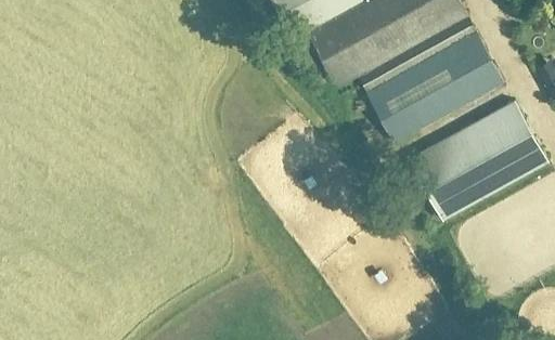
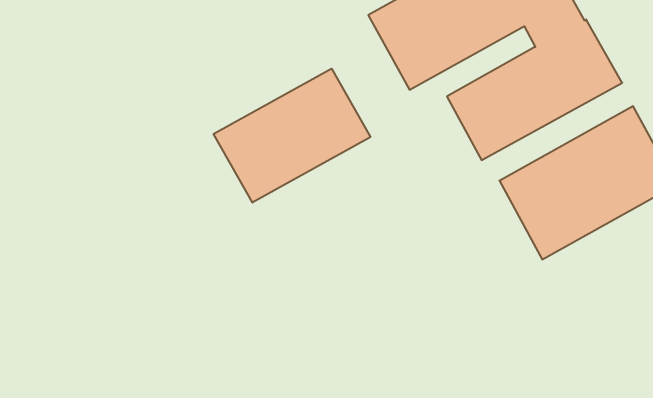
building: none -> [214,69,370,203]

